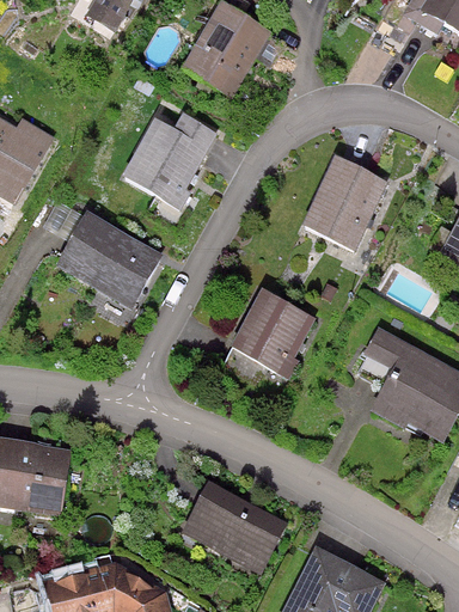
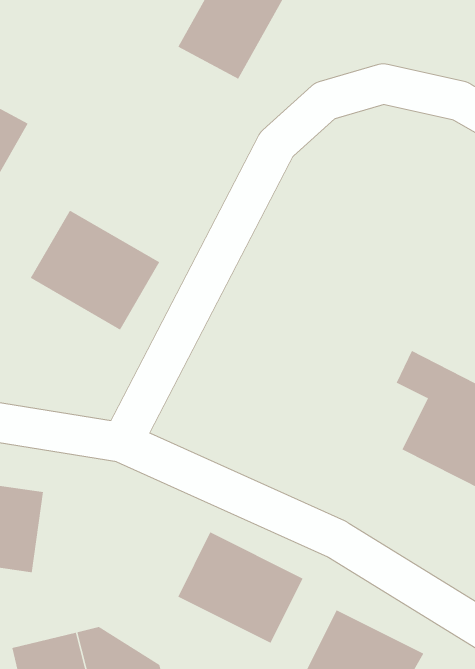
building: [122,114,219,208] -> none
building: [301,157,386,250] -> none
building: [230,289,320,380] -> none

